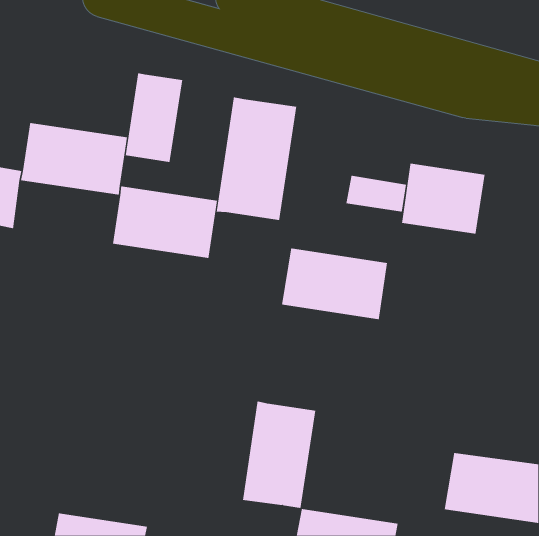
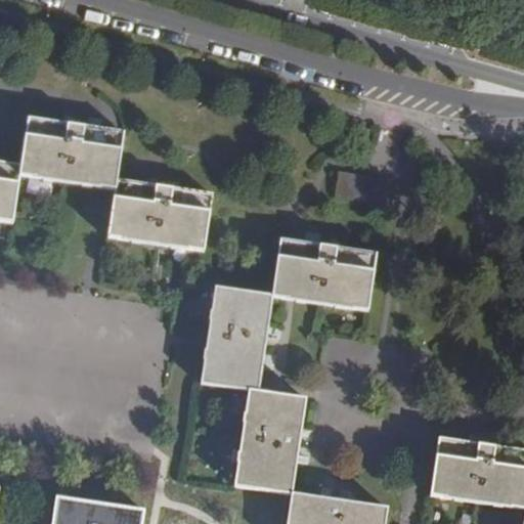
building: [125,72,183,163] -> none
building: [216,97,297,221] -> none
building: [401,163,485,235] -> none
building: none -> [202,288,273,391]

